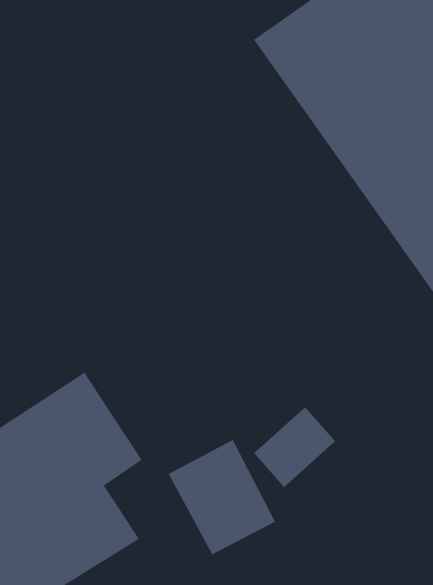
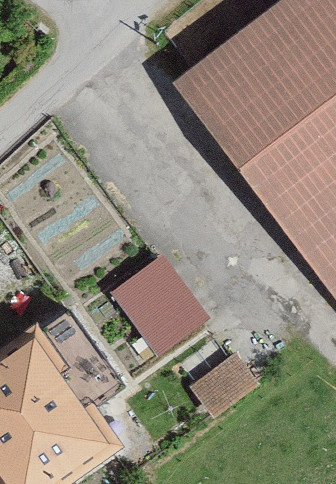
building: [168,439,276,555] -> [109,271,190,358]

